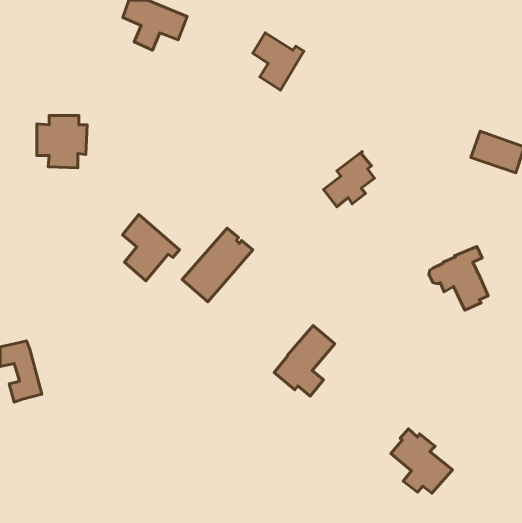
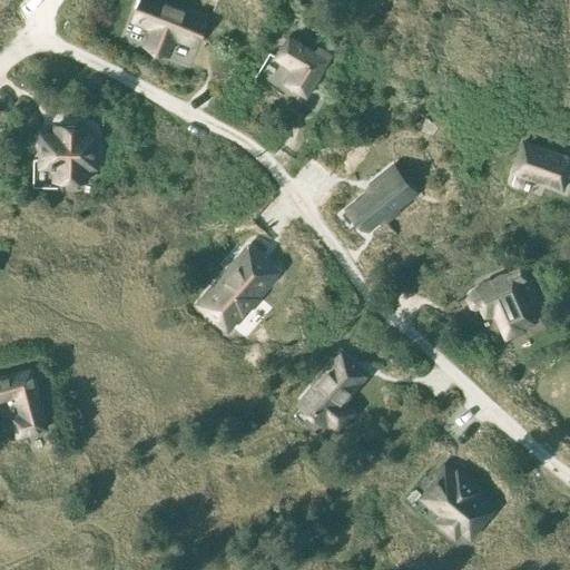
building: [123,215,180,281] -> none

